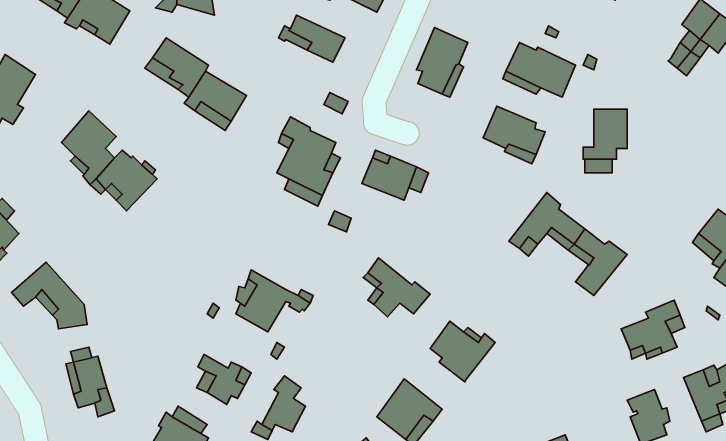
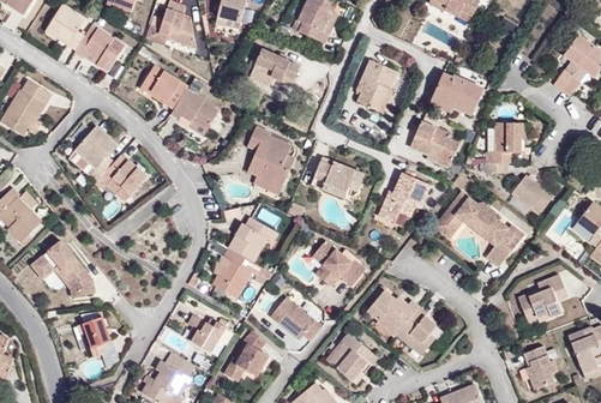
building: none -> [379,174,429,224]
building: none -> [513,176,554,215]
building: none -> [224,219,277,265]
building: none -> [269,296,320,339]
building: none -> [395,307,434,355]

